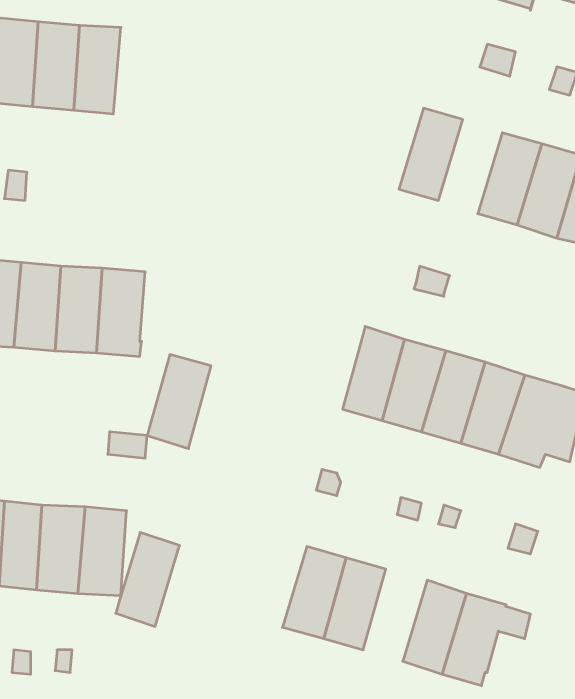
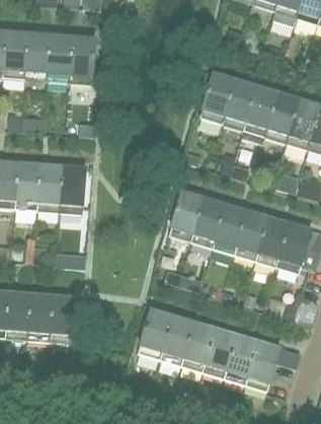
building: none -> [68,34,95,82]
building: none -> [199,71,235,122]
building: none -> [242,84,277,142]
building: [147,355,211,449] -> [169,190,204,240]
building: [116,532,180,626] -> [138,307,172,358]
building: none -> [203,327,237,376]

